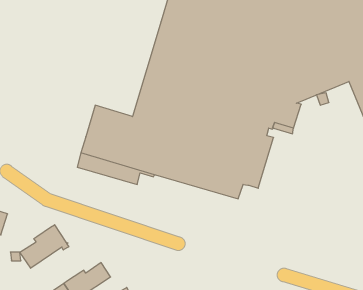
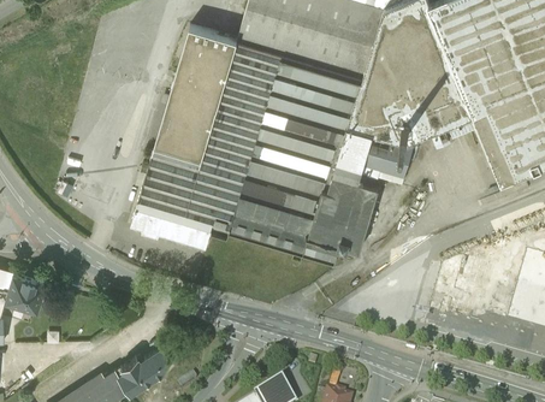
building: none -> [154,25,237,160]
building: [20,225,69,268] -> none

